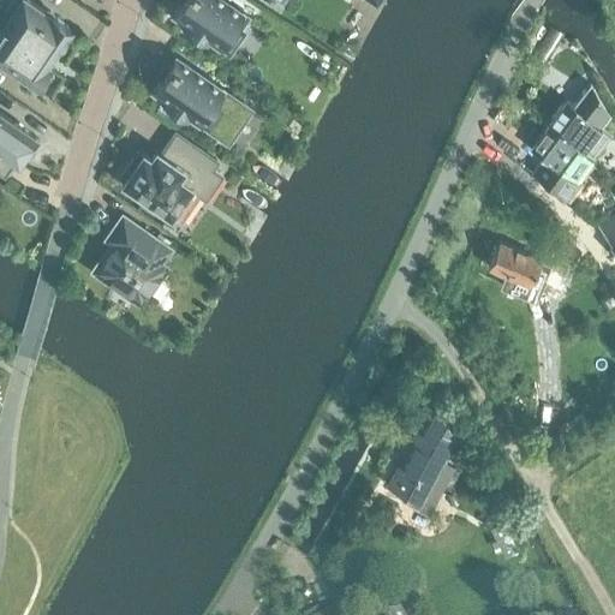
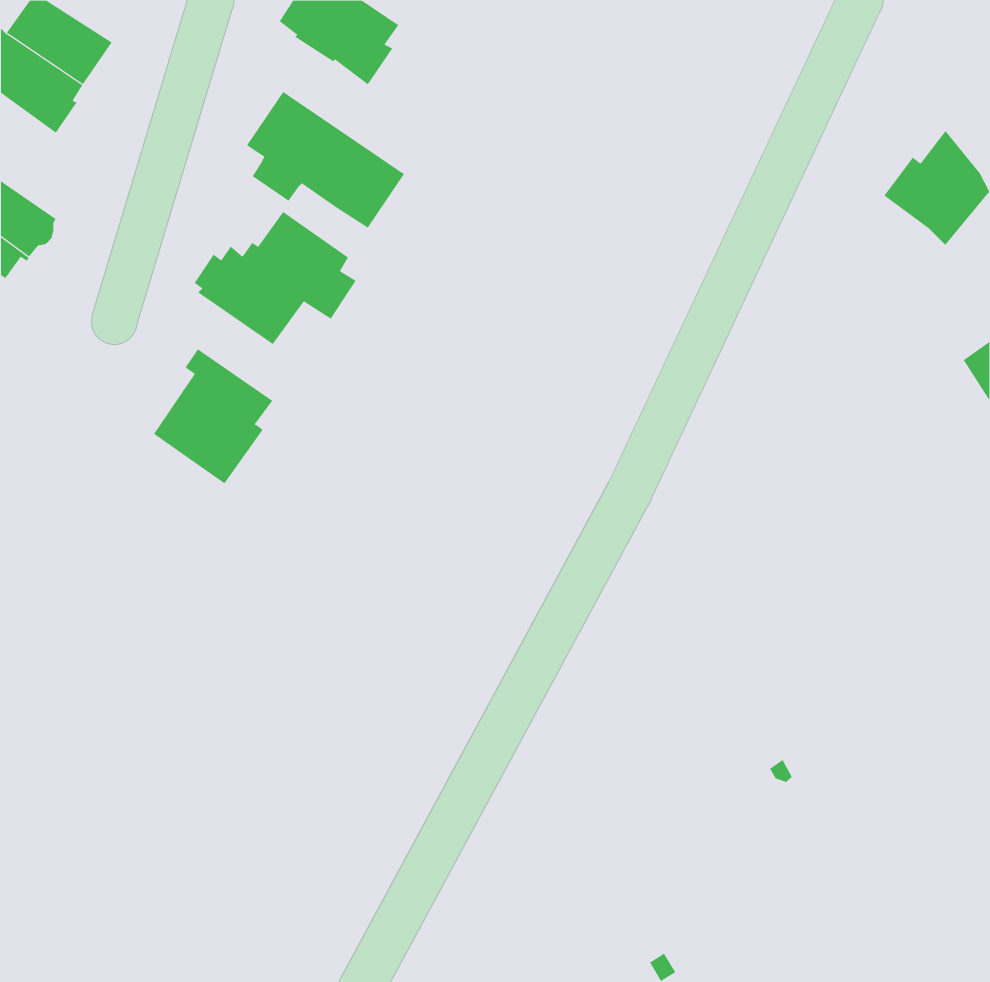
building: [530,126,584,205] -> none
building: [489,245,550,304] -> none
building: [387,399,458,510] -> none

